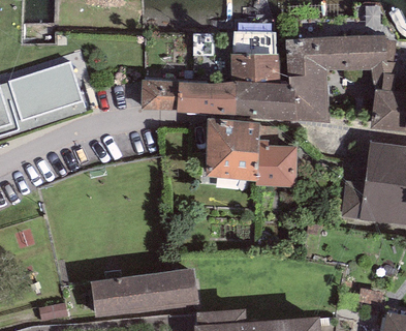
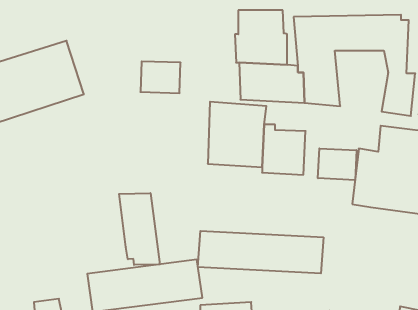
building: [178,81,236,116] -> none
building: none -> [318,148,357,180]
building: none -> [119,193,160,265]
building: none -> [198,231,323,273]

